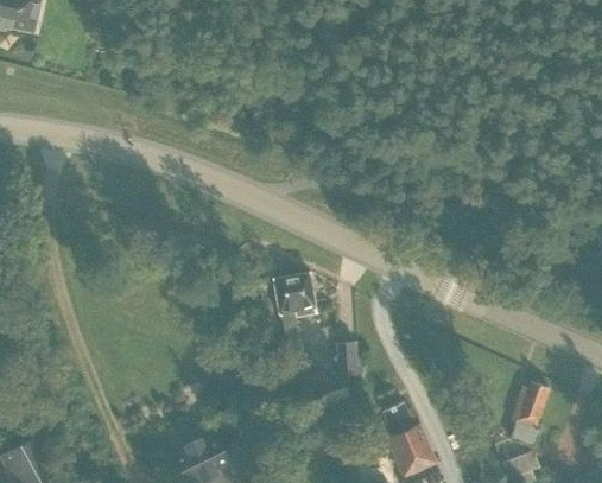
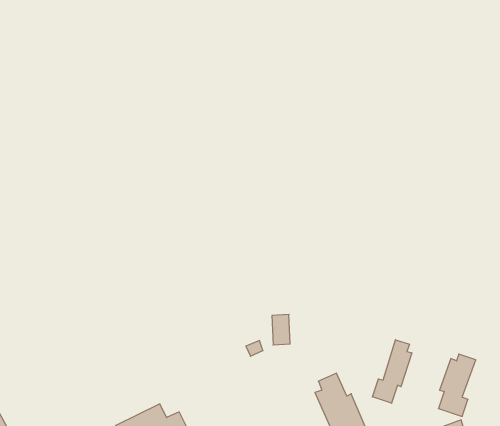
building: [274,274,316,345] -> none
building: none -> [372,340,412,403]

